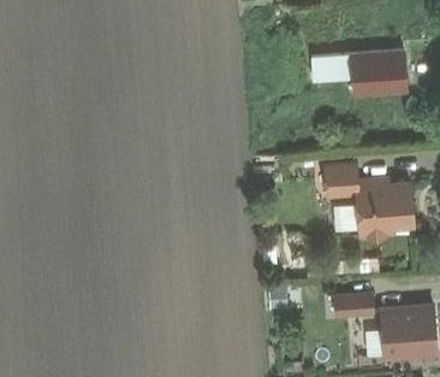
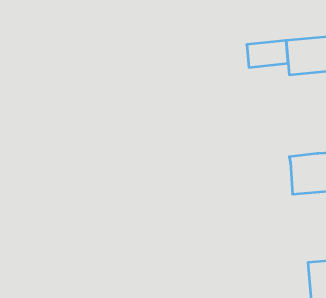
building: [321,163,391,199] -> none
building: [332,293,377,318] -> none

